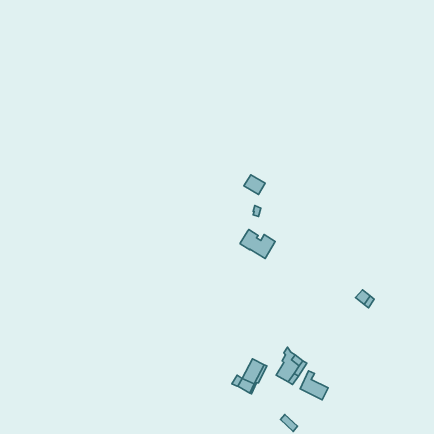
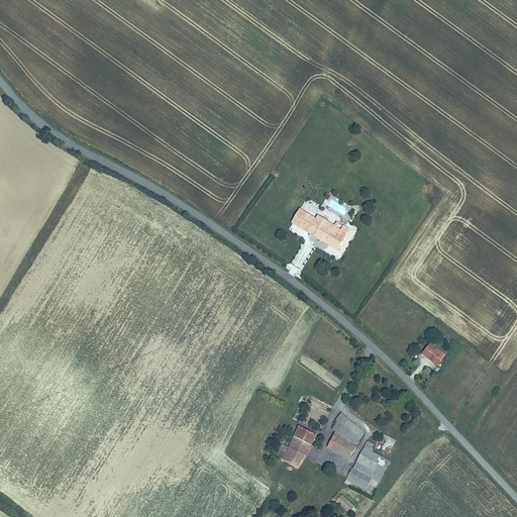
building: [240,229,275,258] -> [306,214,347,248]
building: none -> [347,460,382,485]

